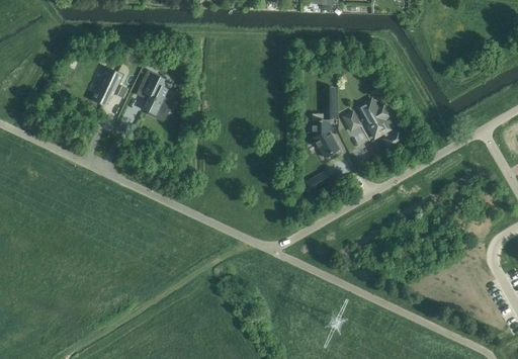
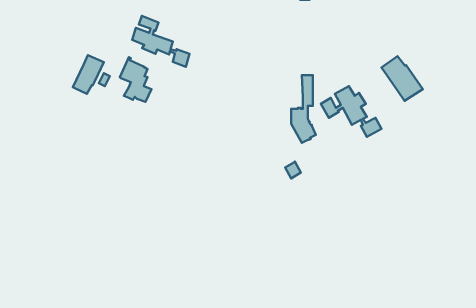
building: none -> [132,16,189,67]
building: none -> [382,56,423,101]

